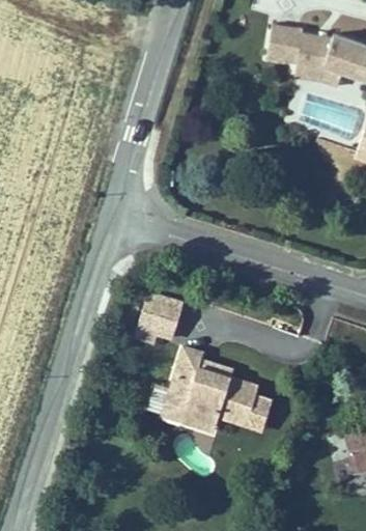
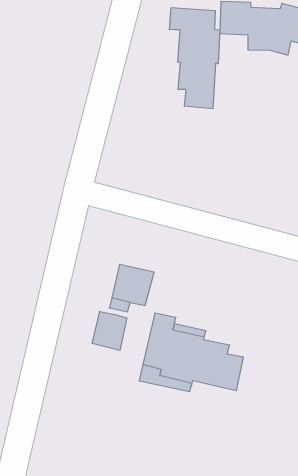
building: none -> [170,8,220,109]
building: none -> [92,311,127,350]

